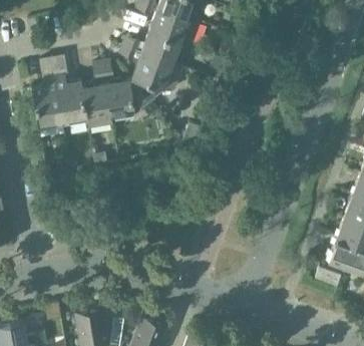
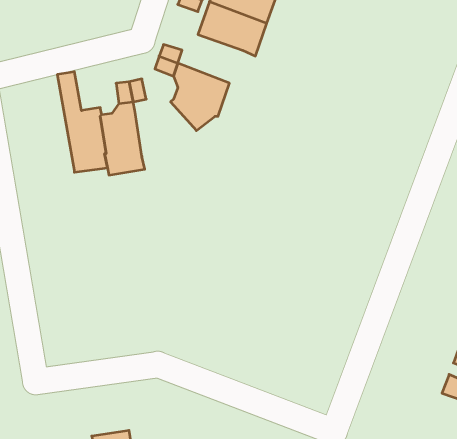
building: [140,31,179,65] -> none
building: [31,59,62,132] -> none
building: [104,78,147,116] -> none

